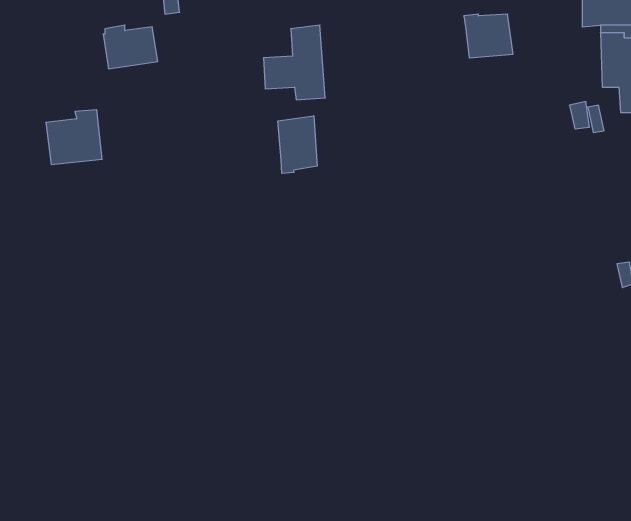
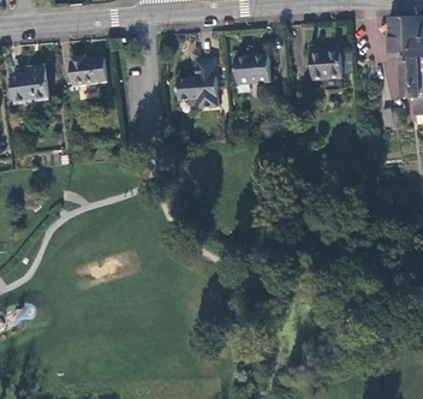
building: none -> [236,53,270,90]
building: [46,110,102,164] -> [11,66,48,102]
building: [278,116,317,173] -> none

